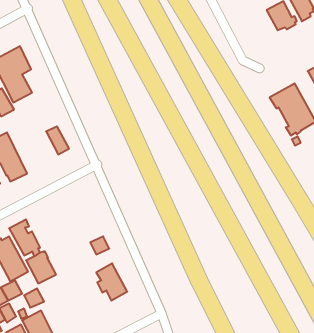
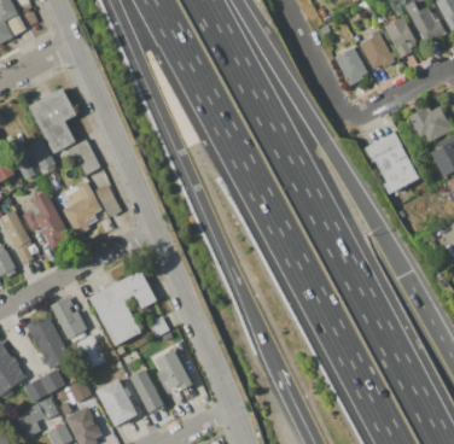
building: none -> [336,47,368,86]
building: none -> [71,140,101,175]
building: none -> [58,181,101,235]
building: none -> [91,270,157,346]
building: none -> [129,368,163,413]
building: none -> [95,378,138,426]

